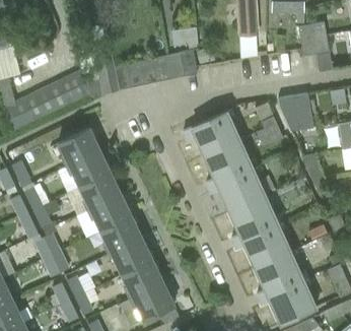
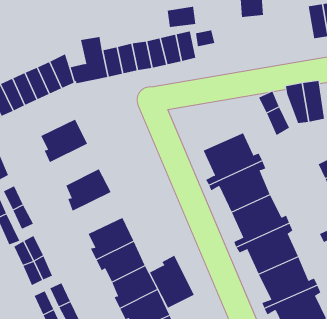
building: [183,109,240,156] -> none
building: [66,150,111,188] -> none
building: [86,194,132,231] -> none
building: none -> [149,255,195,309]

